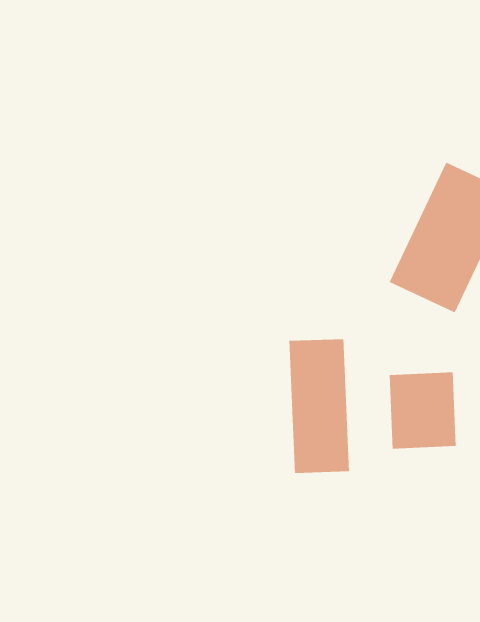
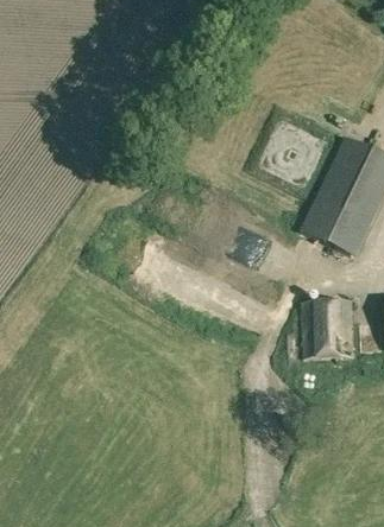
building: [289,339,349,474] -> none

